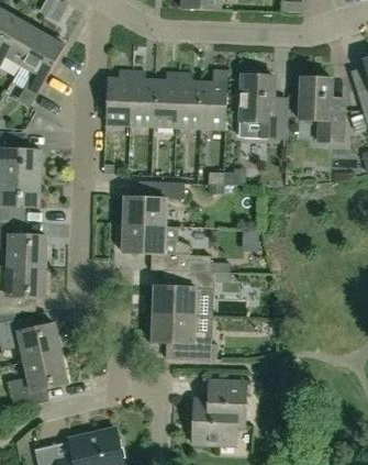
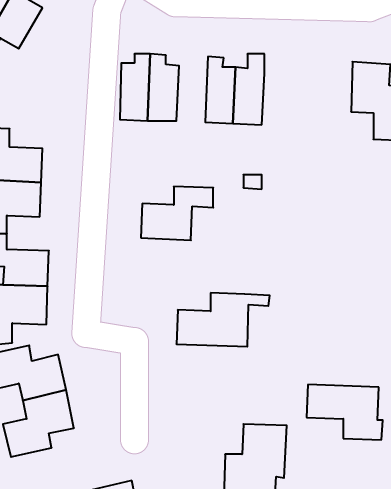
building: [21,31,65,102] -> none
building: [153,71,179,126] -> none
building: [239,74,285,137] -> none
building: [122,223,211,270] -> none
building: [152,312,215,358] -> [307,385,383,440]

